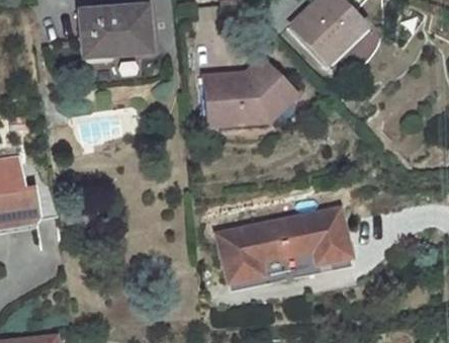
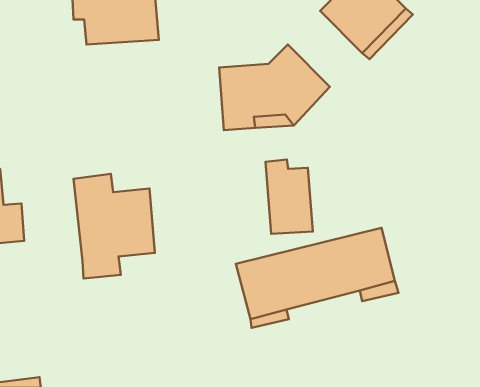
building: none -> [266,160,313,234]
building: none -> [74,174,155,278]

